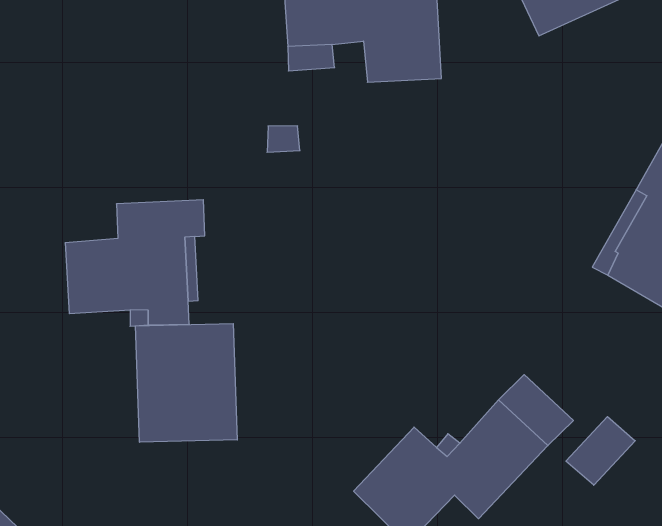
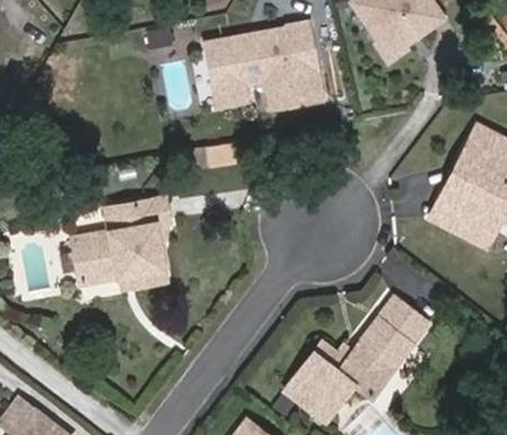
building: [136,324,237,442] -> none
building: [566,417,635,485] -> none

